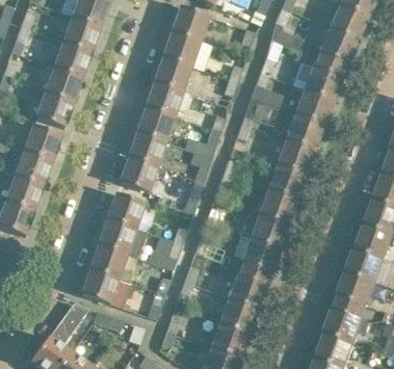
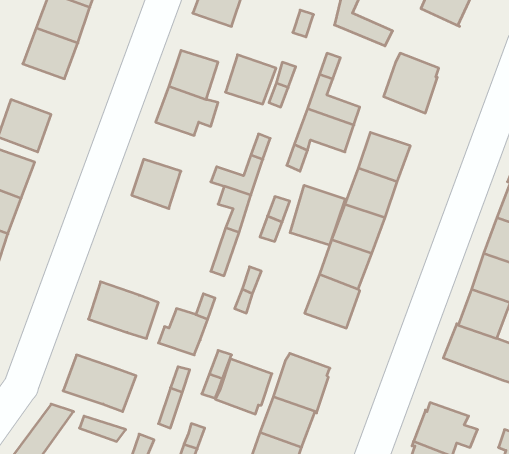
building: [315,27,357,69] -> none
building: [162,30,198,64] -> [225,55,276,104]
building: [44,65,81,101] -> none
building: [294,88,333,124] -> none
building: [136,106,172,140] -> none
building: none -> [290,185,345,245]
building: [119,157,166,190] -> none
building: [106,192,142,227] -> none
building: [238,239,278,278] -> [215,359,272,414]
building: [89,243,125,278] -> none
building: [336,270,374,311] -> none

